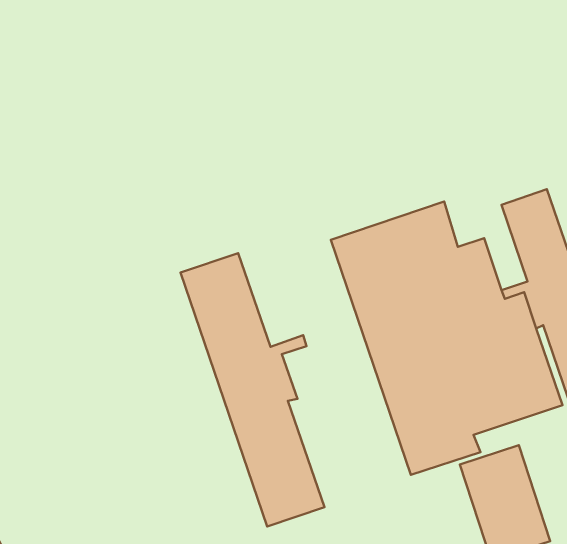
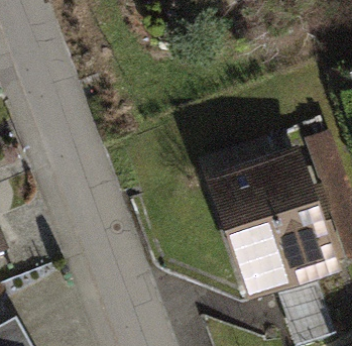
building: [181,253,325,527] -> none

